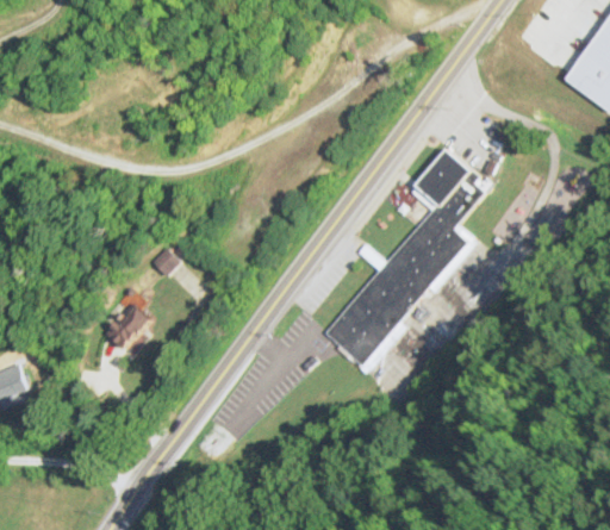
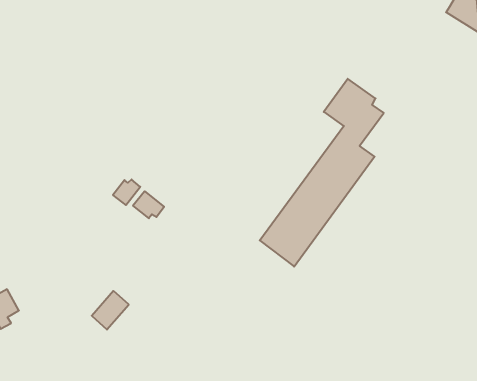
building: none -> [133,191,164,218]
building: [106,305,151,350] -> [92,291,129,330]

